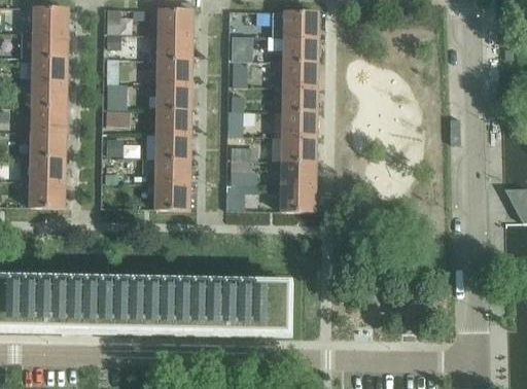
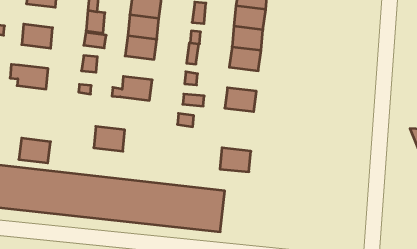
building: [31,79,67,105] -> none
building: [30,129,66,154] -> none
building: [155,131,190,156] -> none
building: [281,133,316,158] -> none
building: [29,178,65,205] -> [19,138,51,163]
building: [154,180,189,207] -> [94,126,125,151]
building: [280,182,315,208] -> [220,148,251,172]

